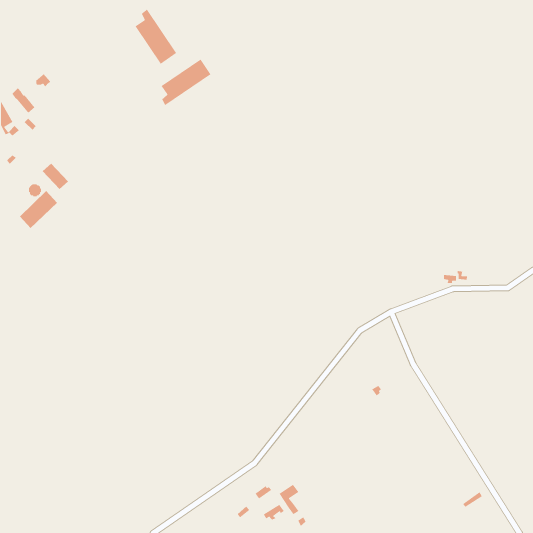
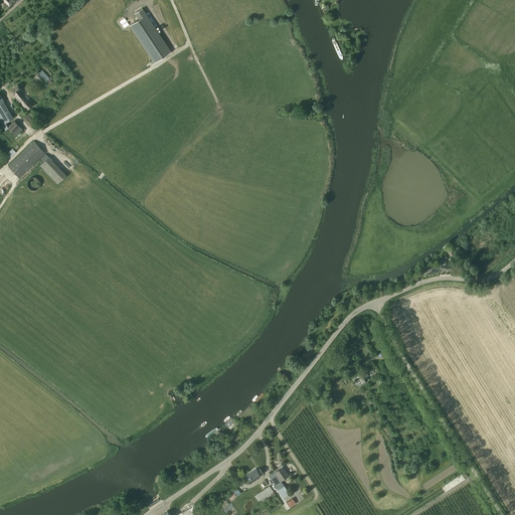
building: [161,59,211,106] -> none
building: [19,190,58,229] -> [8,141,45,178]

